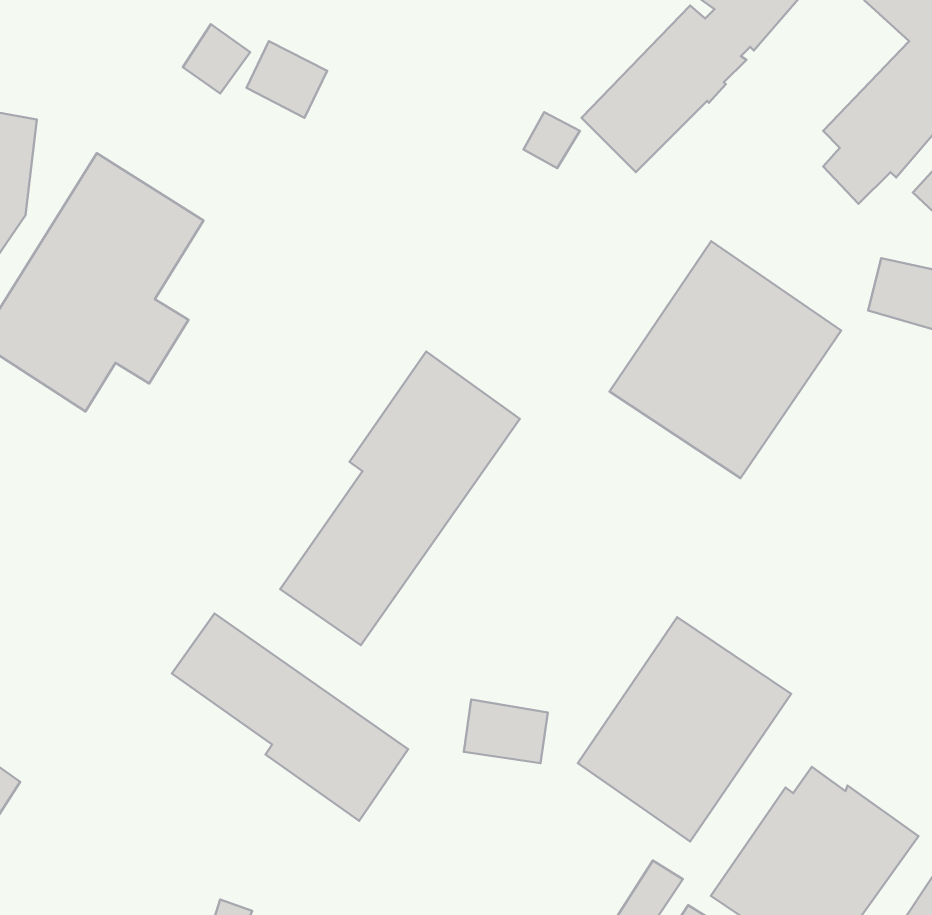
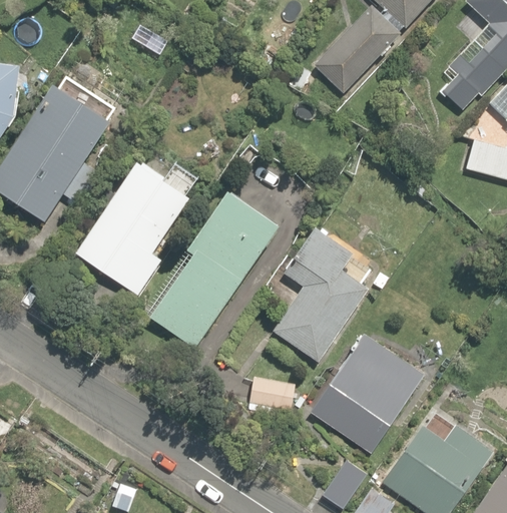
building: [610,241,841,478] -> none
building: none -> [76,161,189,295]
building: none -> [272,227,369,362]
building: [172,613,408,821] -> none

